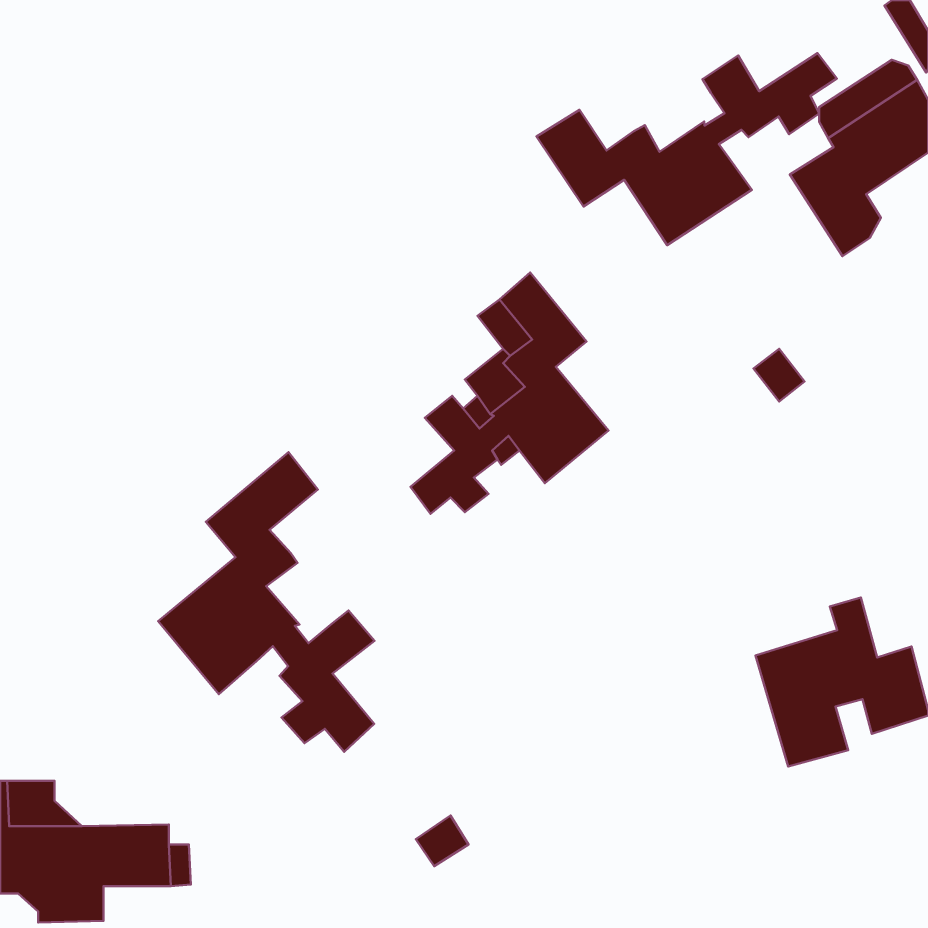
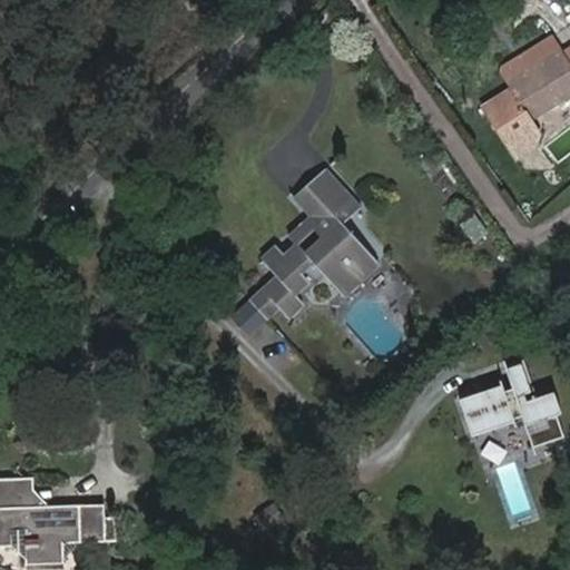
building: [537,53,837,245] -> none
building: [158,452,375,752] -> none

